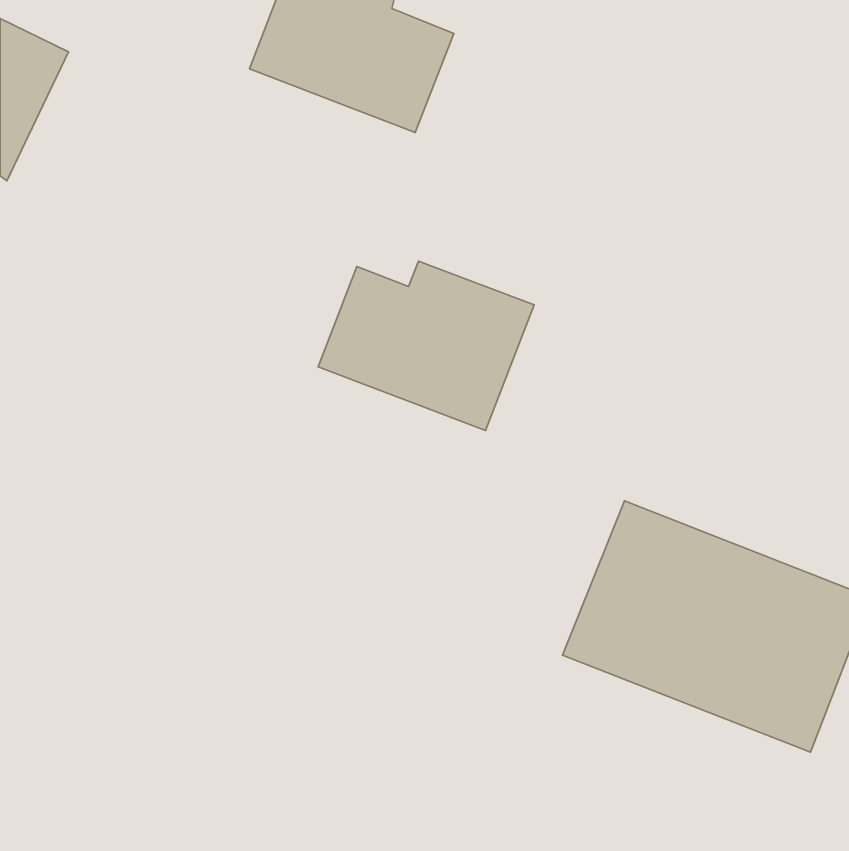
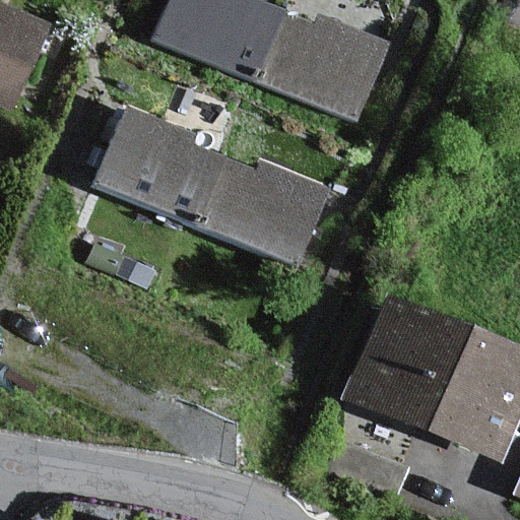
building: none -> [256,16,387,120]
building: none -> [96,104,220,222]

